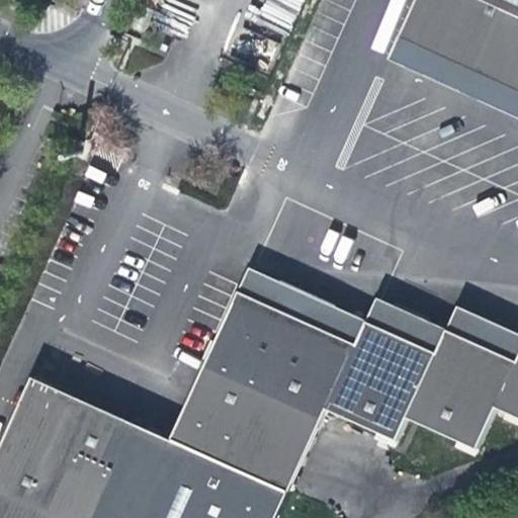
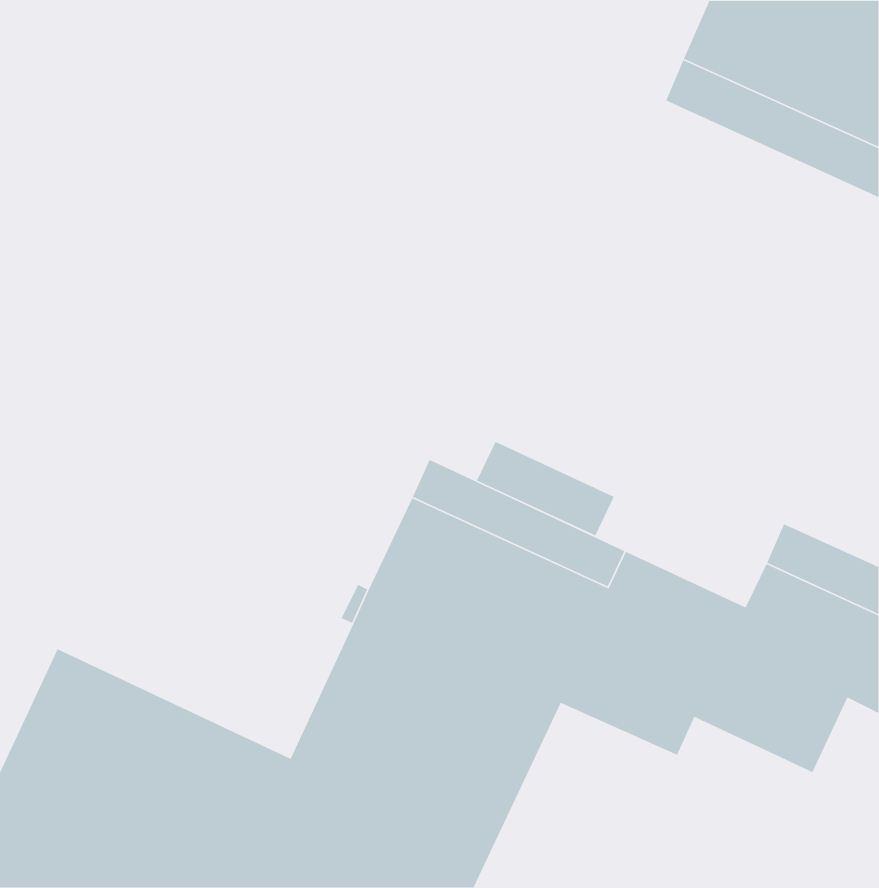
building: [364,297,445,353] -> [476,441,615,536]

